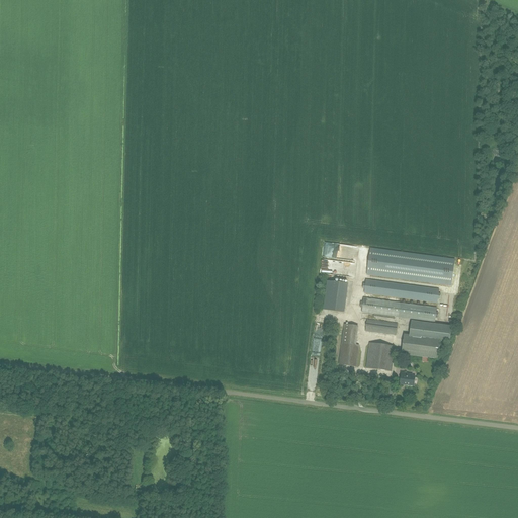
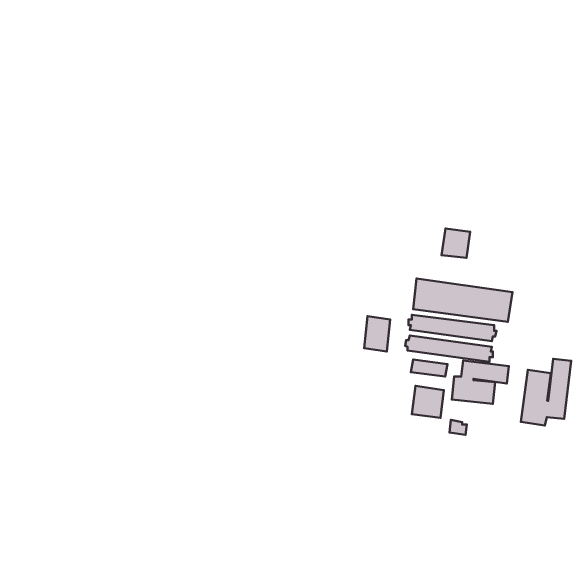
building: none -> [442,228,470,258]
building: none -> [521,359,571,426]
building: [338,324,358,366] -> none

